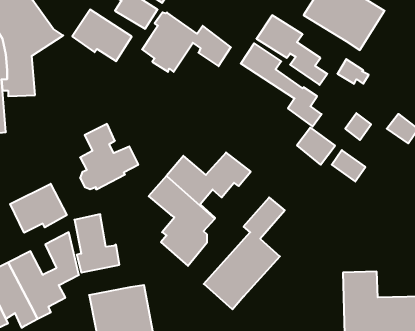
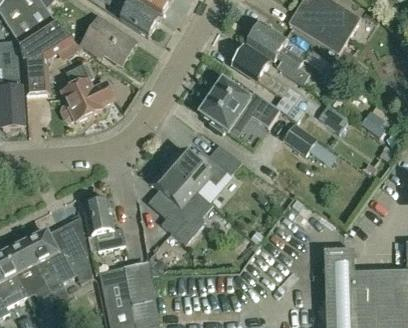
building: [142,12,231,72] -> [200,79,279,132]
building: [80,124,138,189] -> [62,61,114,119]
building: [10,184,67,233] -> none
building: [204,197,285,309] -> none

